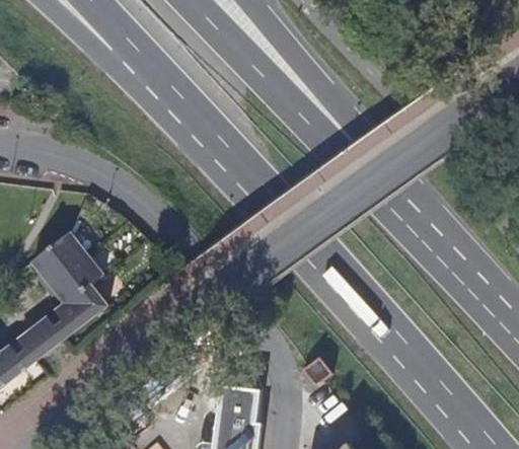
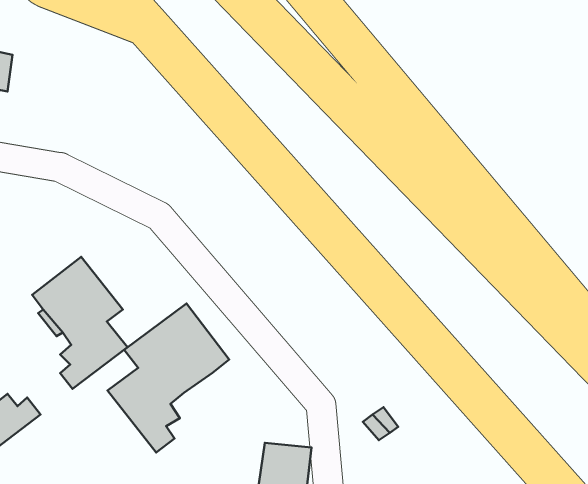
building: none -> [107,303,229,453]
building: [16,318,62,362] -> none

